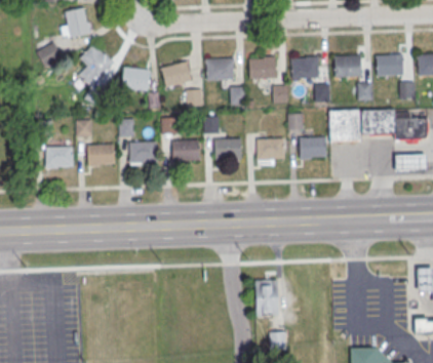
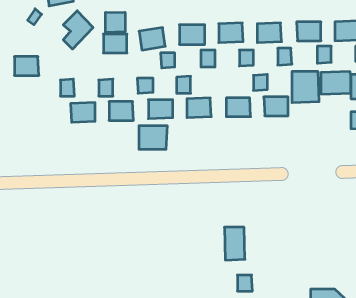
building: none -> [106,12,125,32]
building: [46,147,73,167] -> [14,57,39,75]
building: none -> [139,126,167,149]

